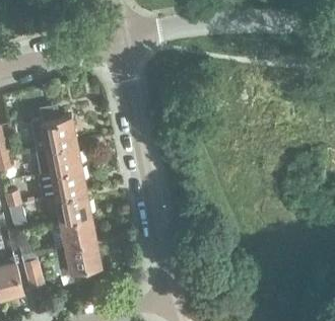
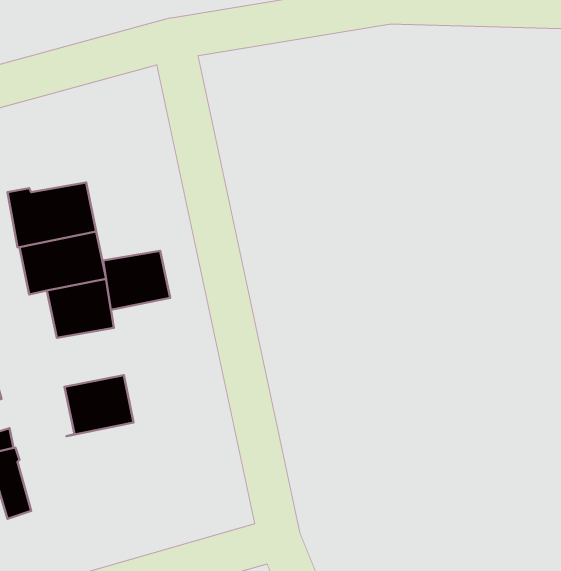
building: [57,191,91,222] -> [103,251,170,310]
building: [56,240,100,276] -> none

